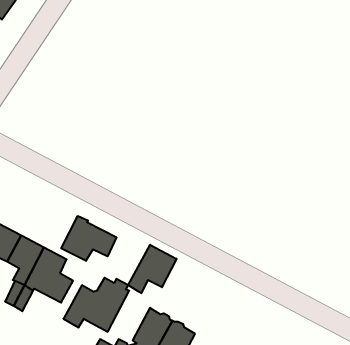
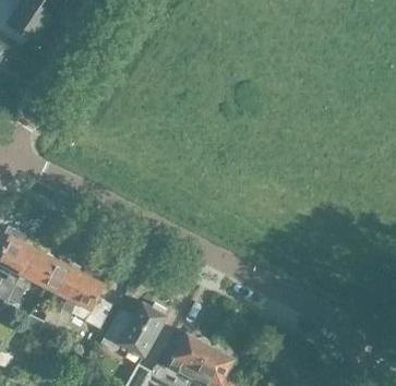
building: [61,216,116,261] -> none
building: [128,245,177,293] -> none

